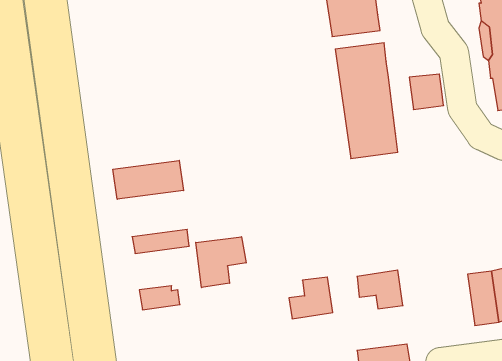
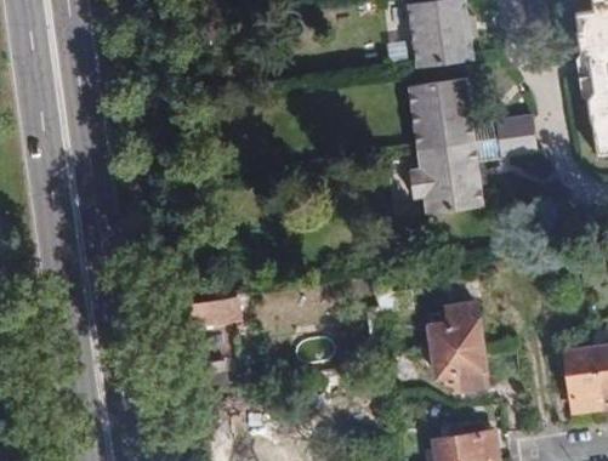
building: [113,160,184,199] -> none
building: [196,237,246,288] -> none
building: [289,277,333,319] -> [432,302,483,351]

